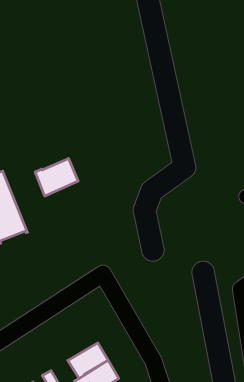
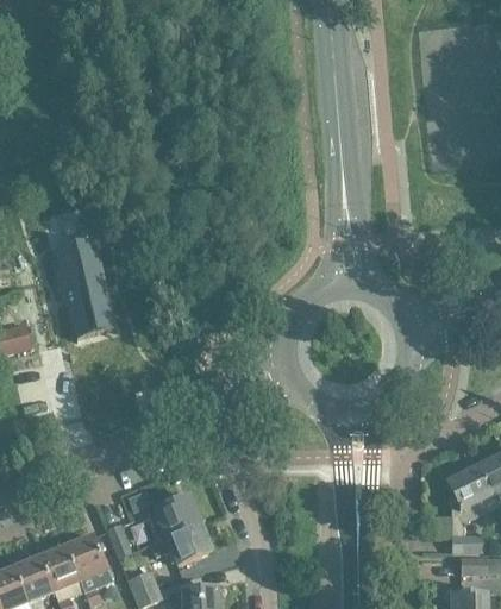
building: [35,158,78,196] -> none

